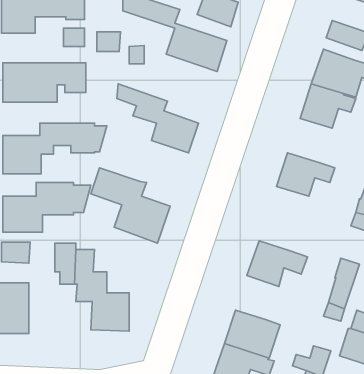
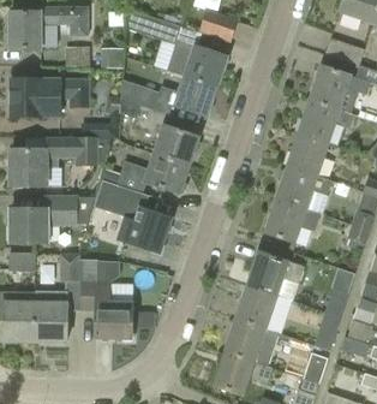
building: none -> [121,70,217,117]
building: none -> [286,132,329,176]
building: none -> [98,154,190,195]
building: none -> [264,198,319,244]
building: none -> [235,285,277,328]
building: none -> [35,302,67,341]

